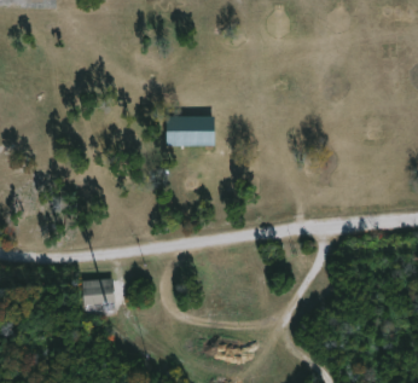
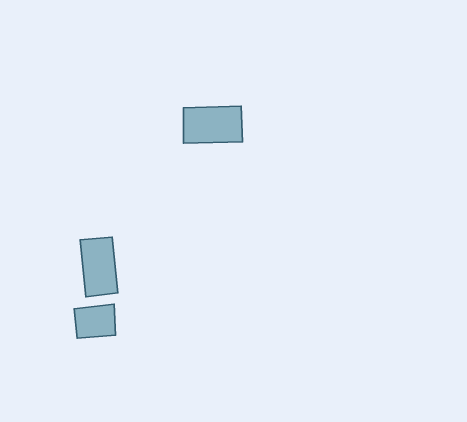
building: none -> [80,237,118,297]

